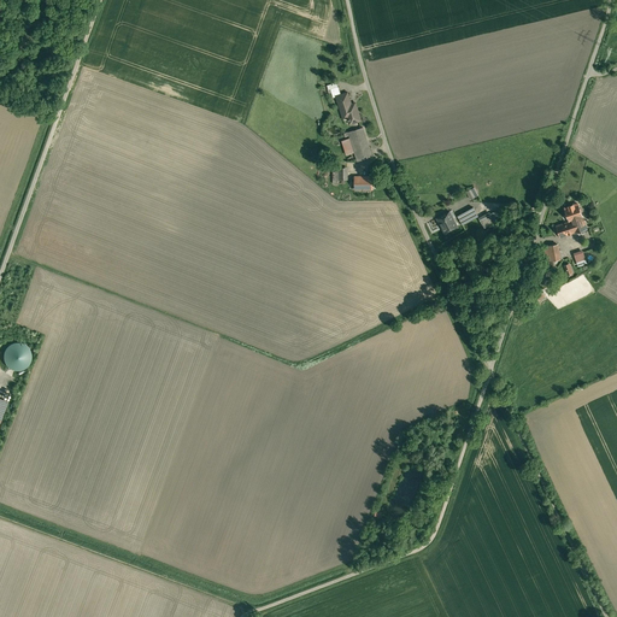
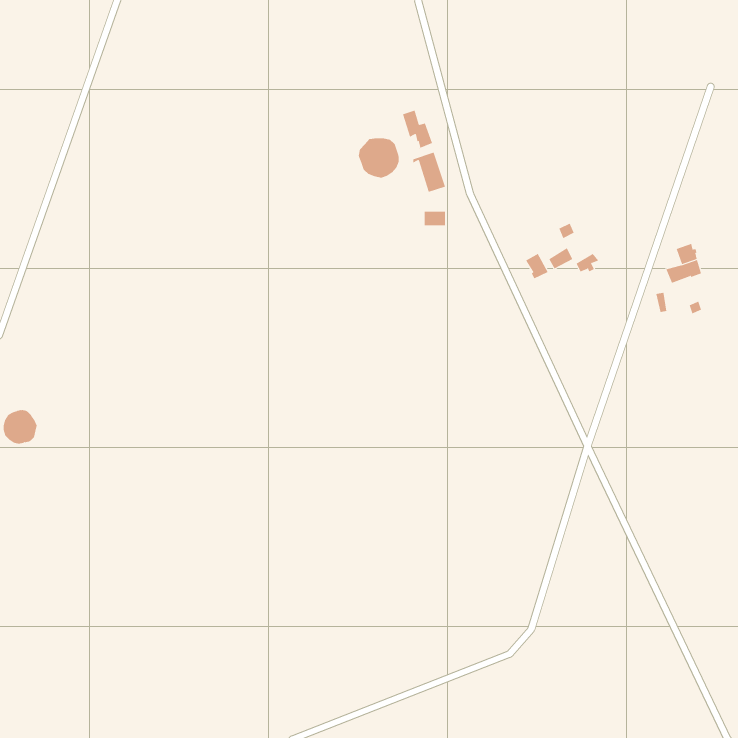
building: none -> [358,138,399,178]

